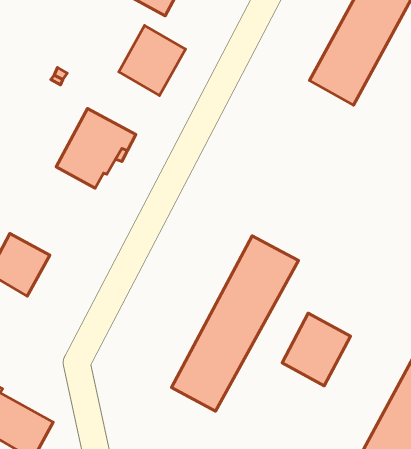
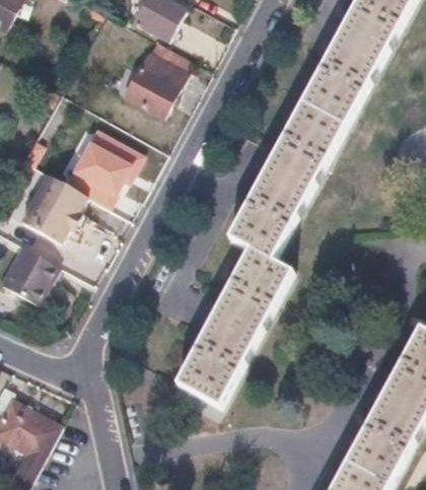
building: none -> [228,101,344,260]
building: none -> [21,173,86,242]
building: [282,313,350,386] -> none

